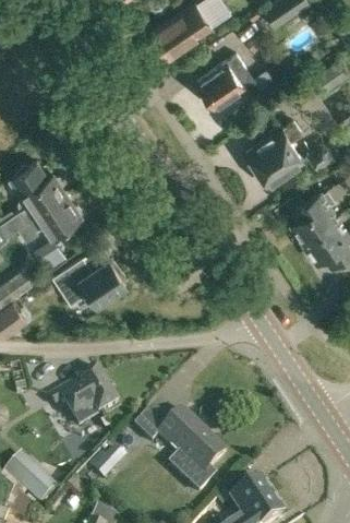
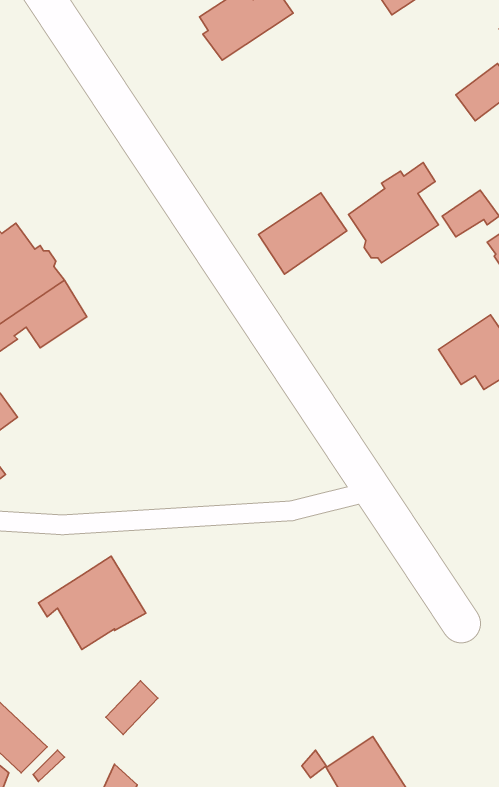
building: [197,56,253,107] -> [258,193,347,274]
building: [293,193,336,239] -> none
building: [52,257,125,305] -> none
building: [135,407,227,496] -> none

